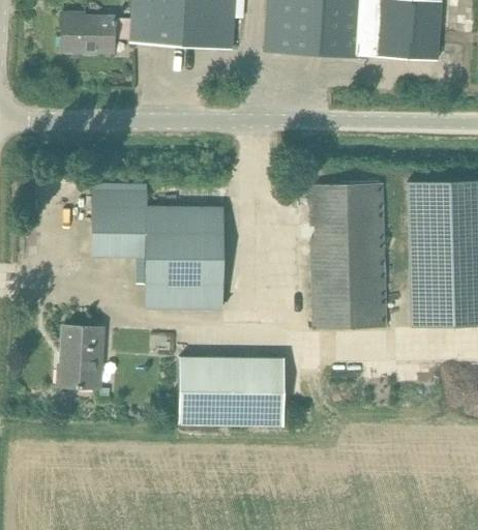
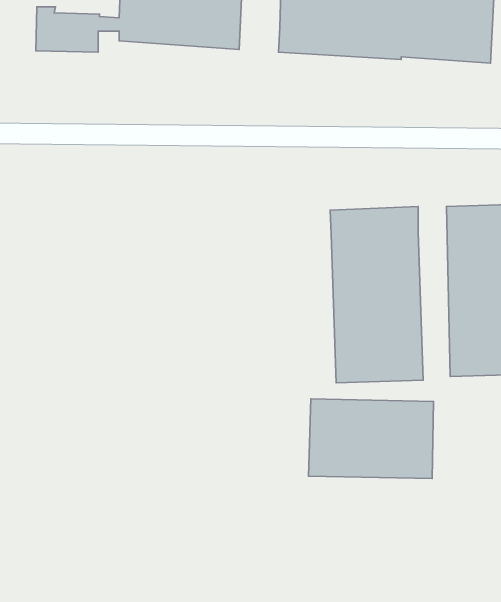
building: [92,190,223,308] -> none
building: [59,325,103,388] -> none
building: [179,357,285,424] -> [308,399,433,479]

